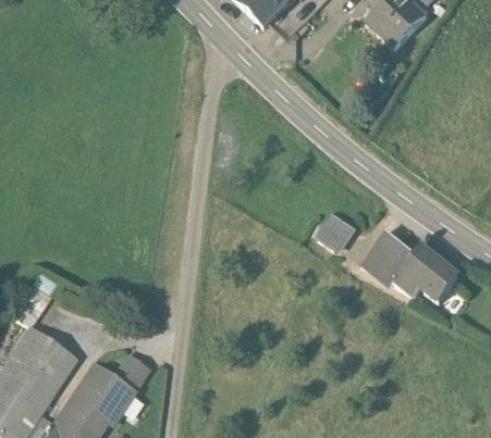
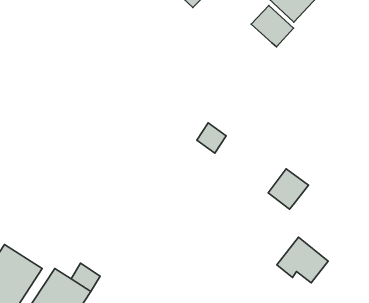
building: none -> [251,5,293,47]
building: [317,214,354,252] -> [197,123,226,153]
building: [394,245,459,302] -> [277,237,328,283]

